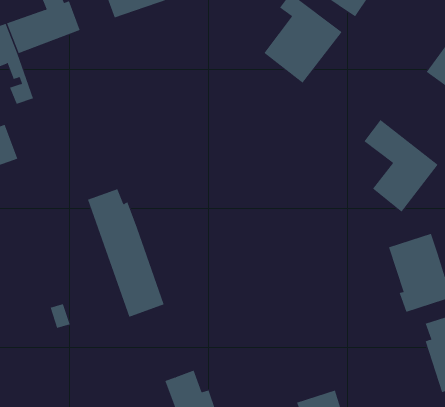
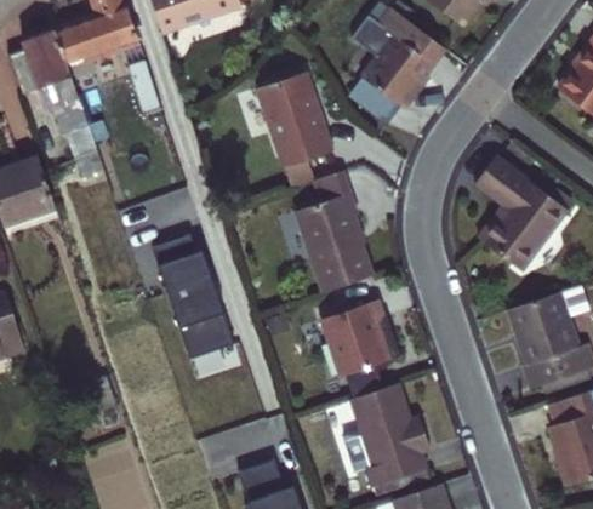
building: none -> [260,73,335,187]
building: none -> [297,172,374,298]
building: none -> [325,298,393,376]
building: none -> [350,382,434,492]

